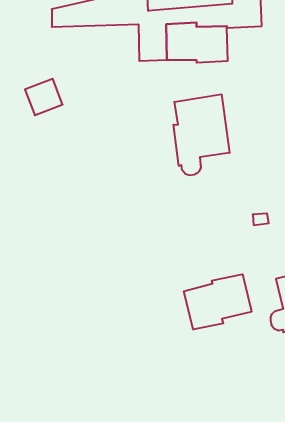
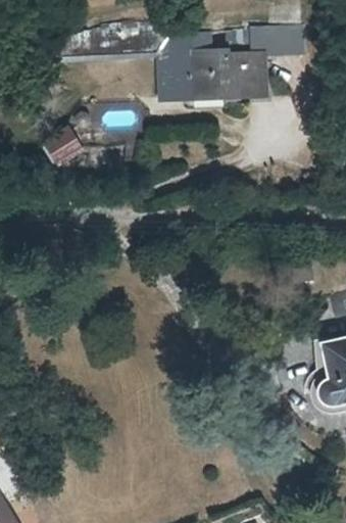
building: [173,94,230,175] -> none
building: [184,274,252,330] -> none

